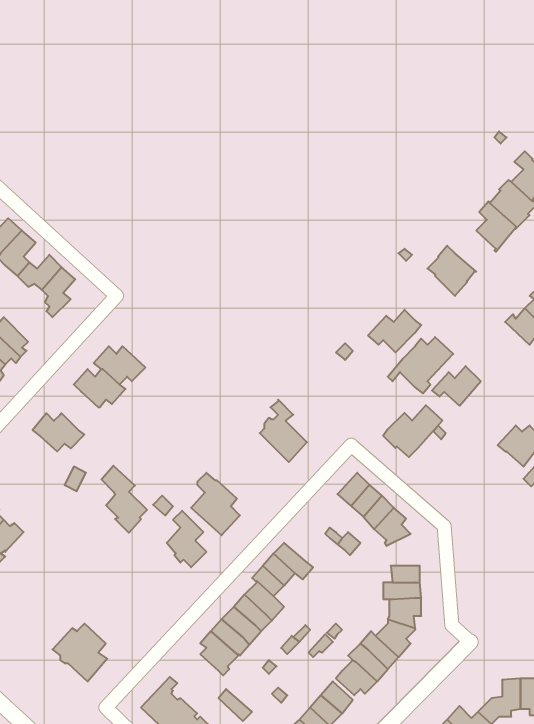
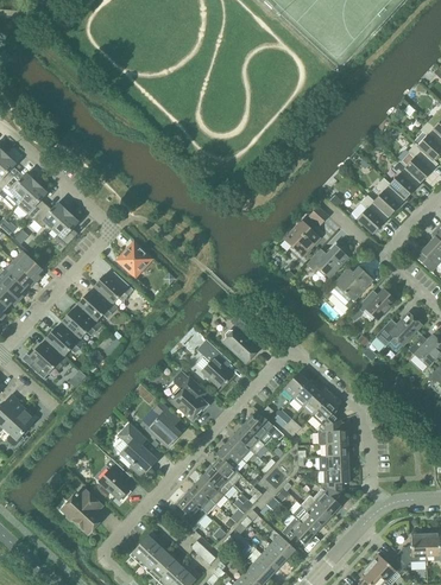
building: none -> [374,178,407,216]
building: none -> [284,206,328,256]
building: none -> [118,242,151,276]
building: none -> [61,309,101,338]
building: [383,405,442,457] -> [374,312,421,352]
building: none -> [196,339,232,388]
building: none -> [29,343,69,379]
building: [101,466,147,533] -> [119,424,155,476]
building: none -> [241,413,275,445]
building: none -> [317,419,347,444]
building: none -> [95,457,131,500]

